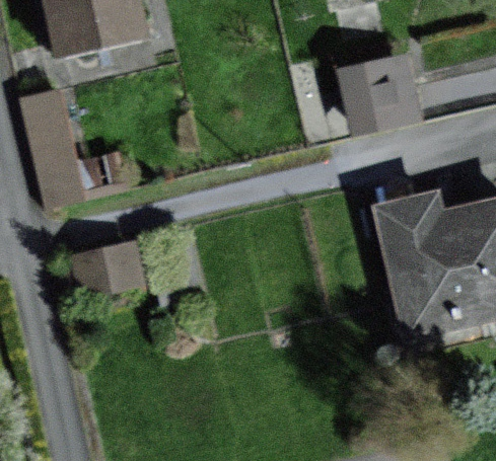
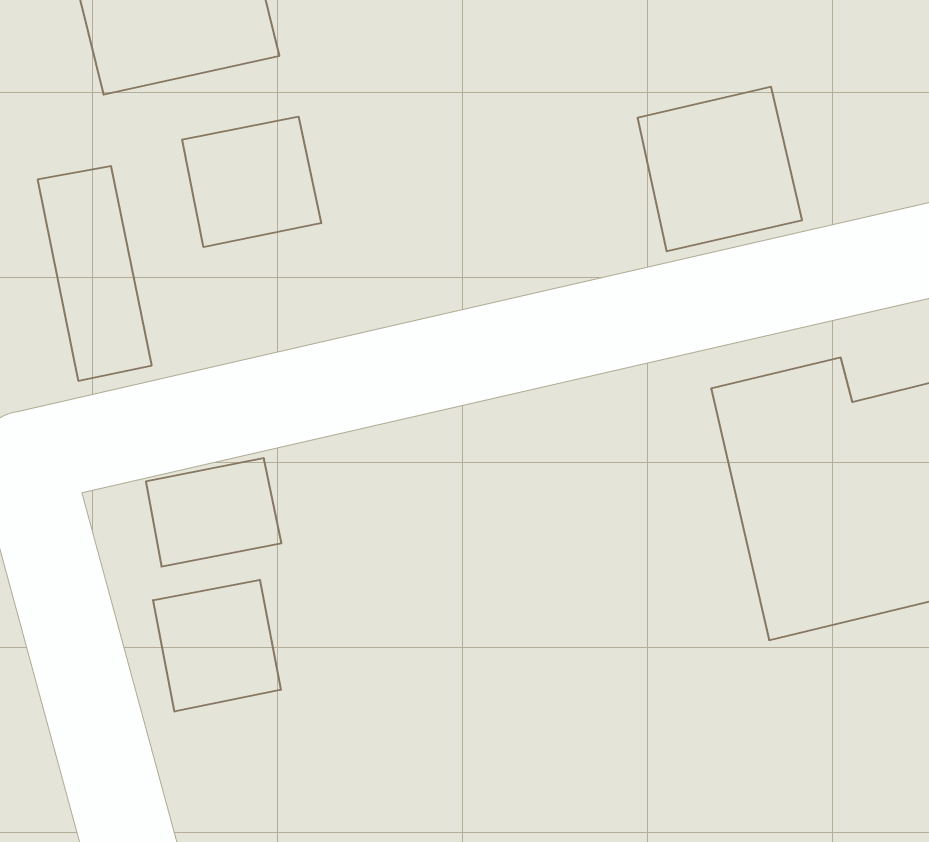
building: none -> [182,117,321,247]
building: none -> [153,580,281,712]

